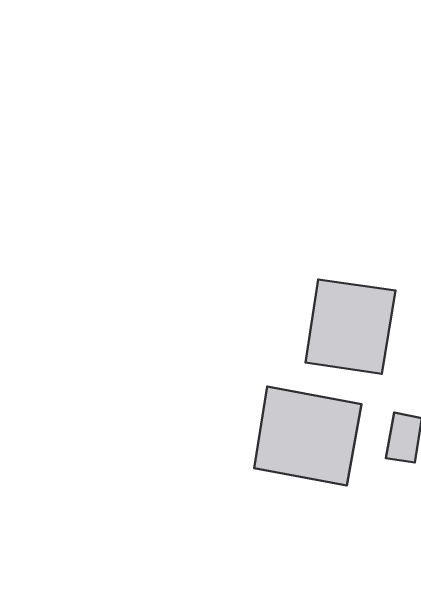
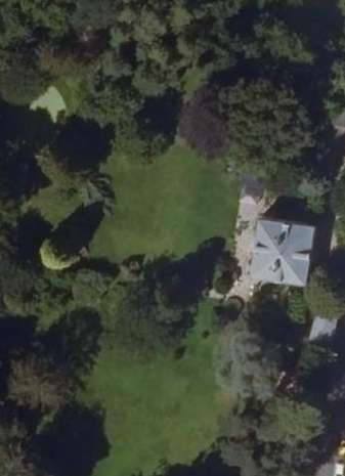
building: [254,387,361,485] -> none

